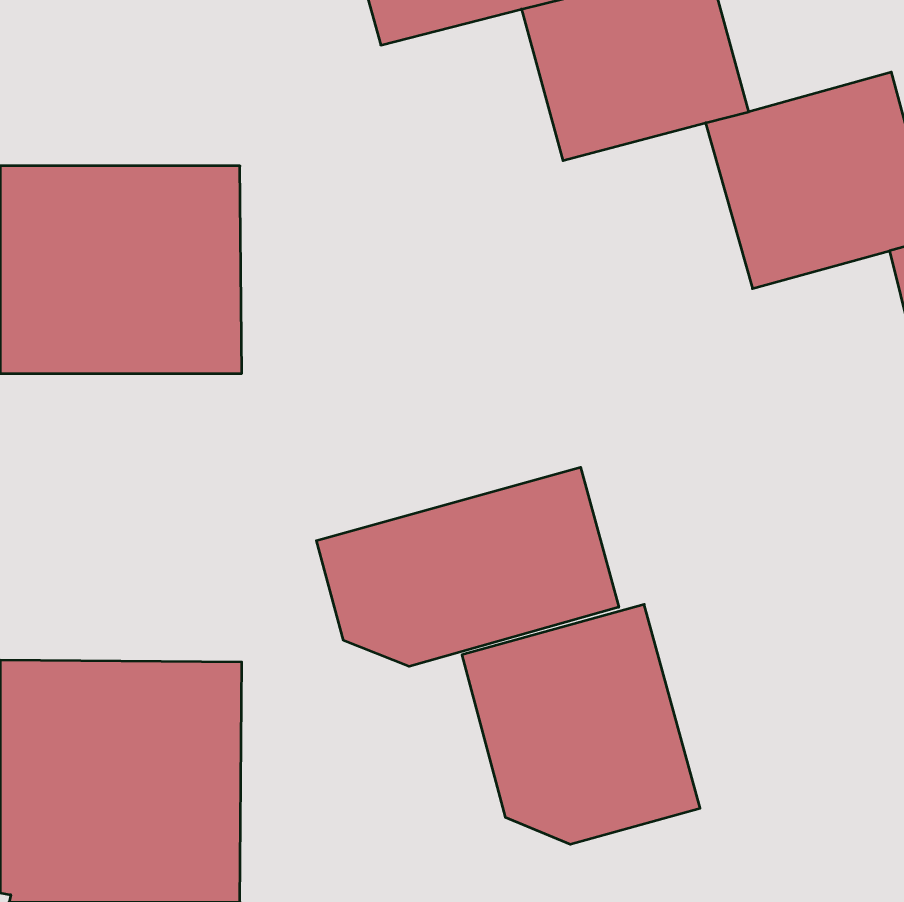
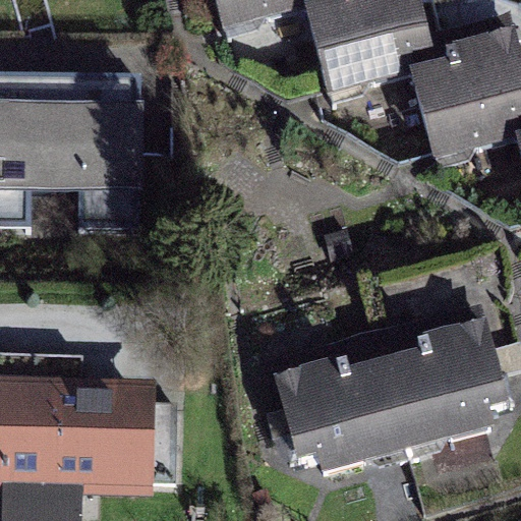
building: [316,467,619,666] -> none
building: none -> [373,310,515,456]

